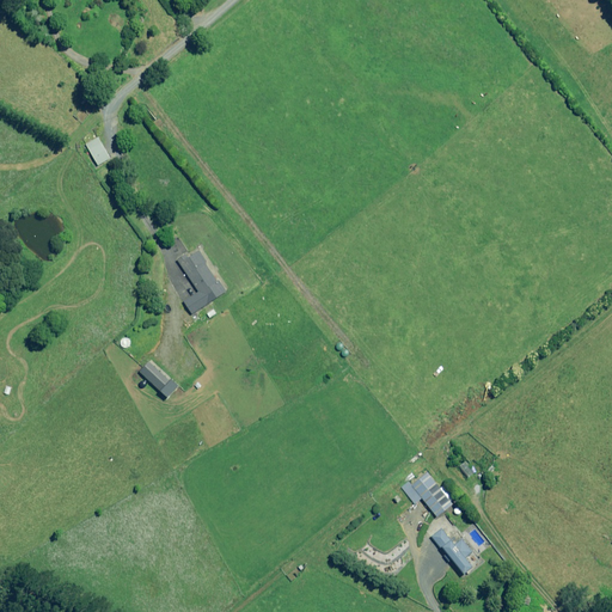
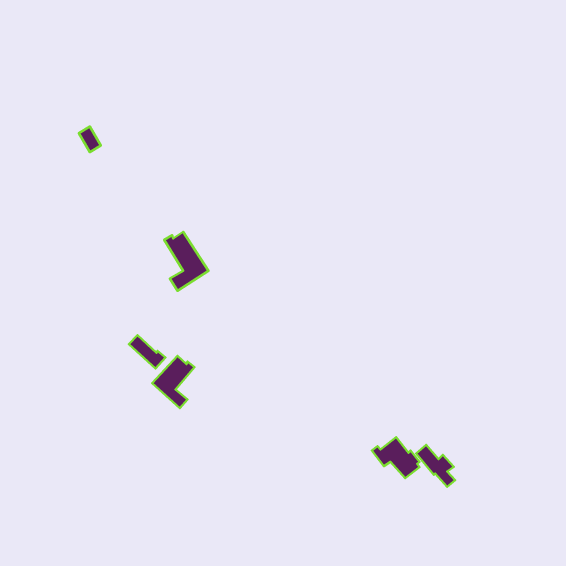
building: none -> [152,356,194,408]
building: [430,527,472,573] -> [416,445,455,487]

